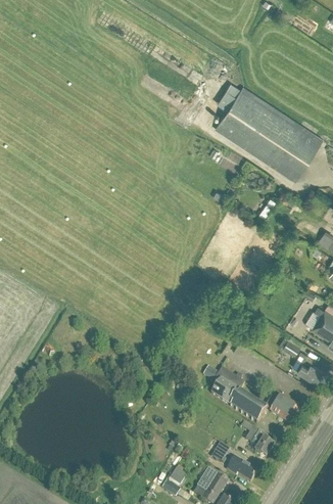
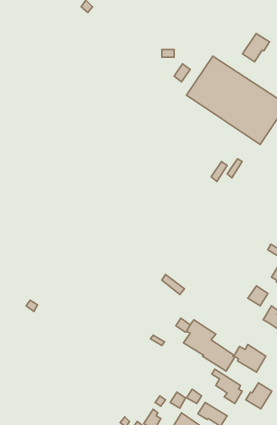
building: none -> [243,34,270,62]
building: none -> [246,383,272,409]

